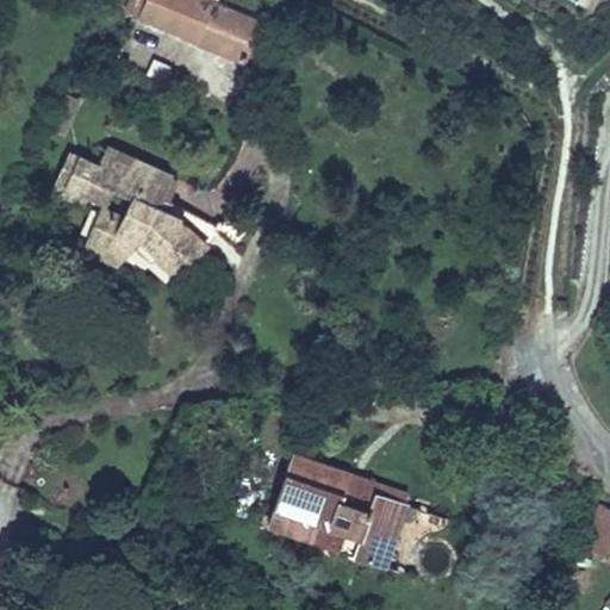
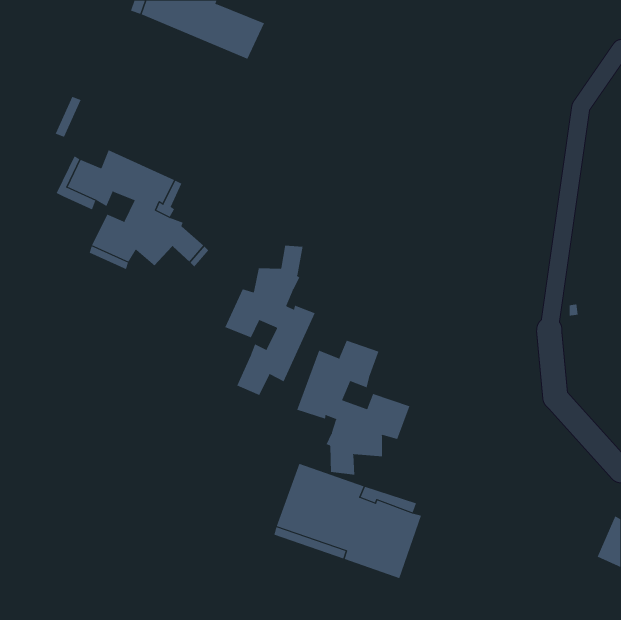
building: none -> [225,245,315,396]
building: none -> [297,340,410,476]

